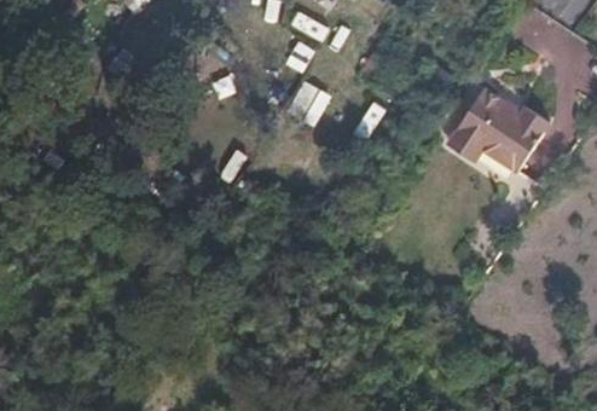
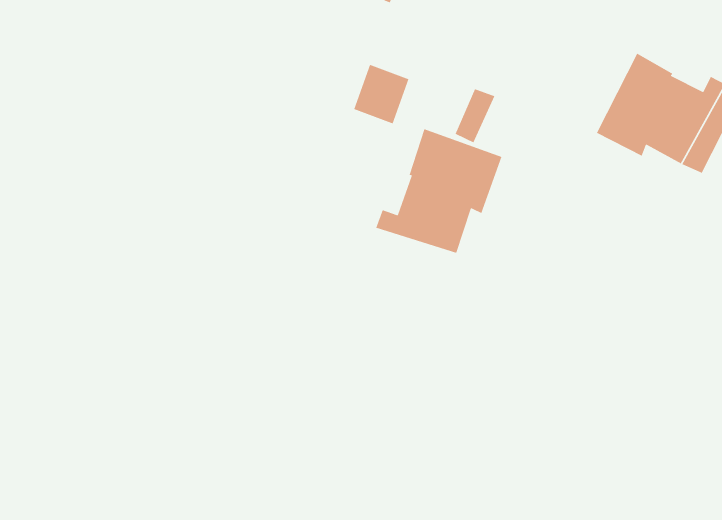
building: none -> [375,128,502,254]

